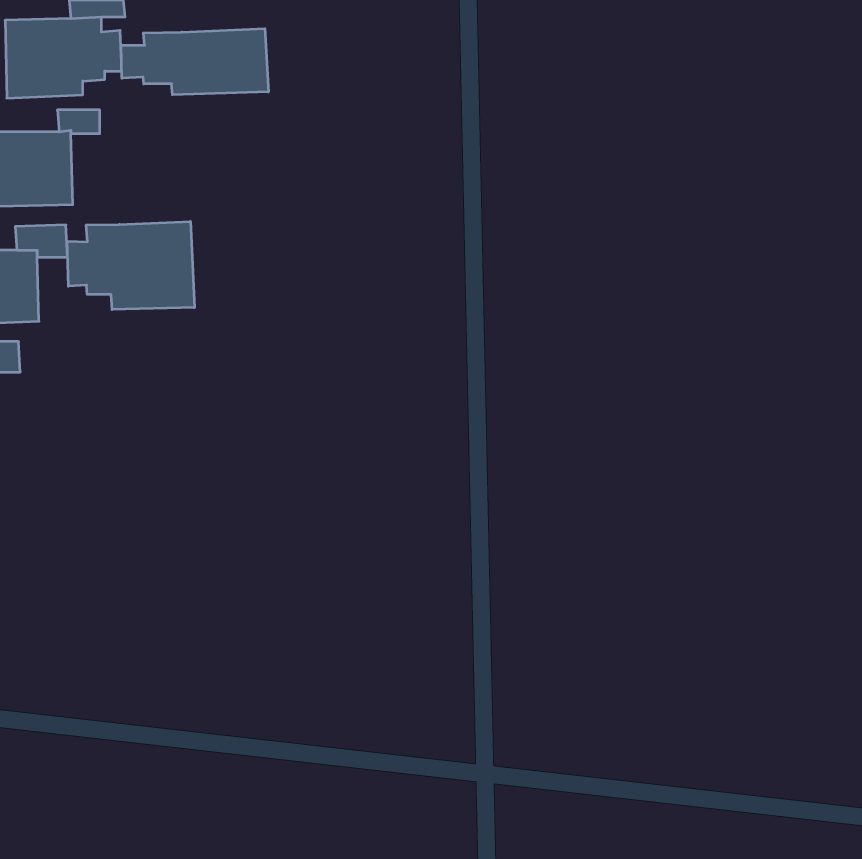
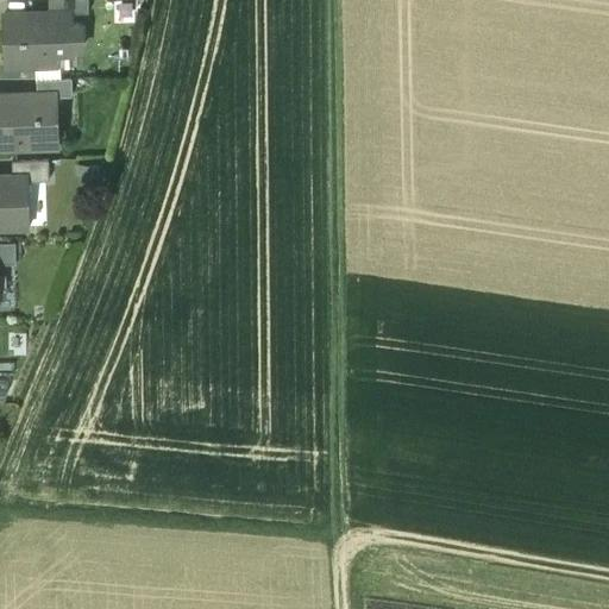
building: [121,29,268,95] -> none
building: [67,221,194,310] -> none

